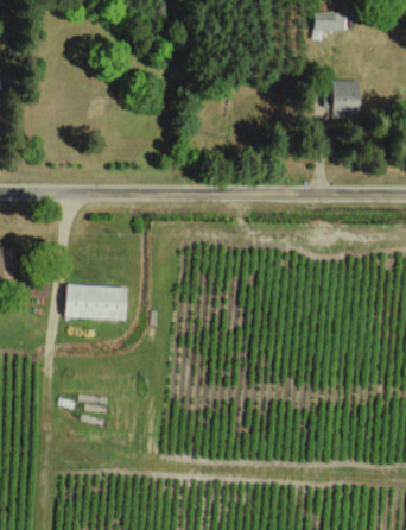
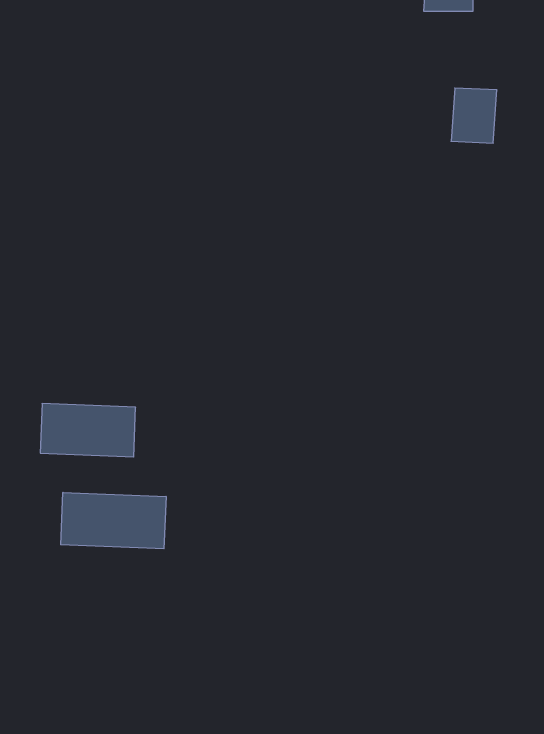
building: none -> [61,492,166,549]

